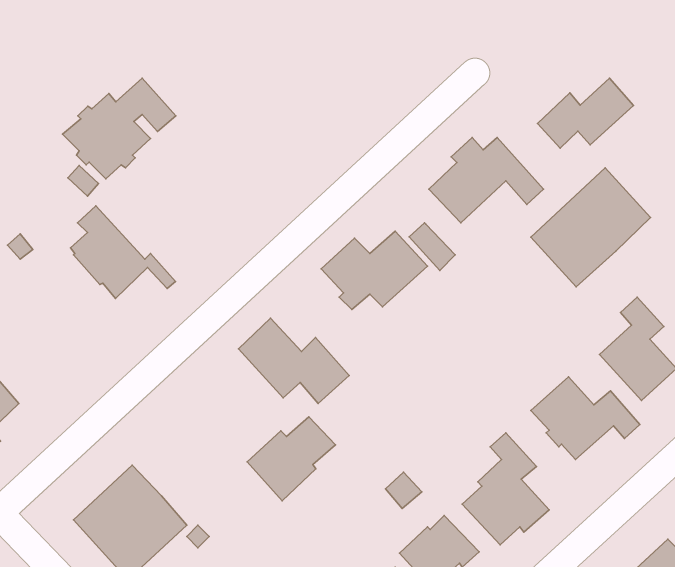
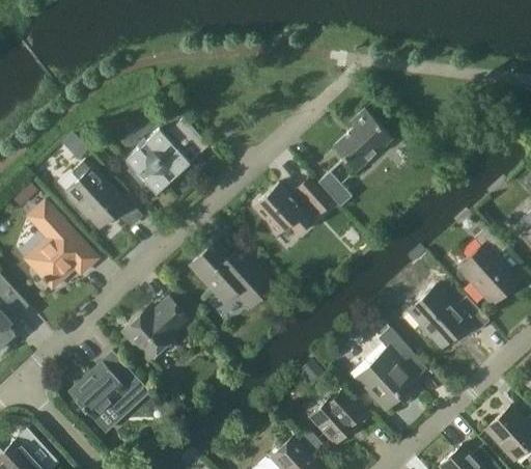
building: [63,78,176,179] -> [124,118,208,193]
building: [537,78,633,148] -> none
building: [531,168,651,287] -> none
building: none -> [25,200,97,288]
building: [247,417,335,501] -> [122,298,188,360]

